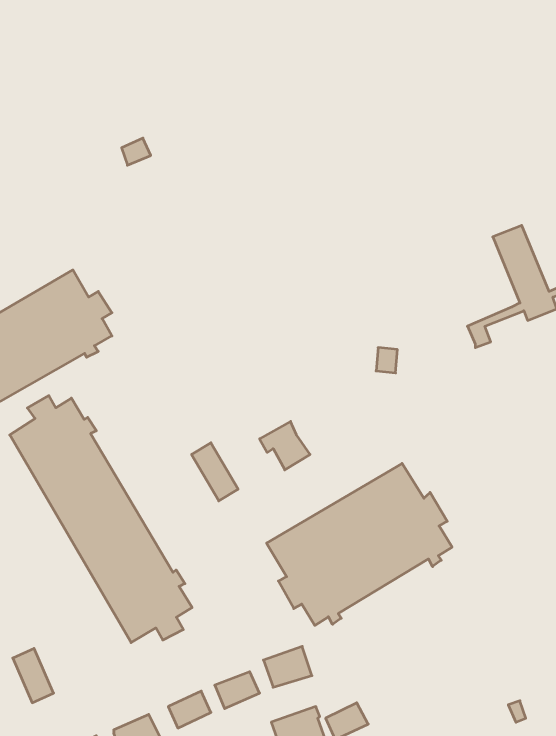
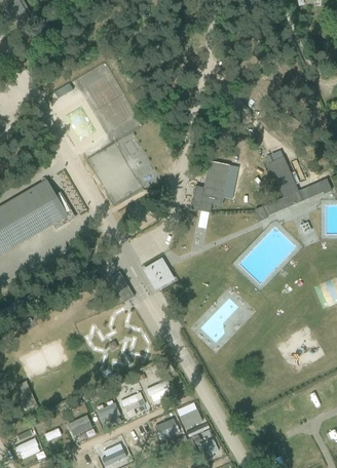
building: none -> [191,160,229,211]
building: [10,396,192,643] -> none
building: [267,463,452,625] -> none

